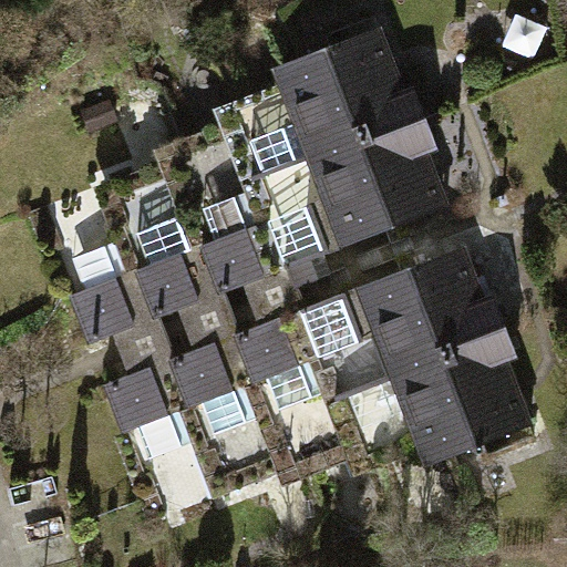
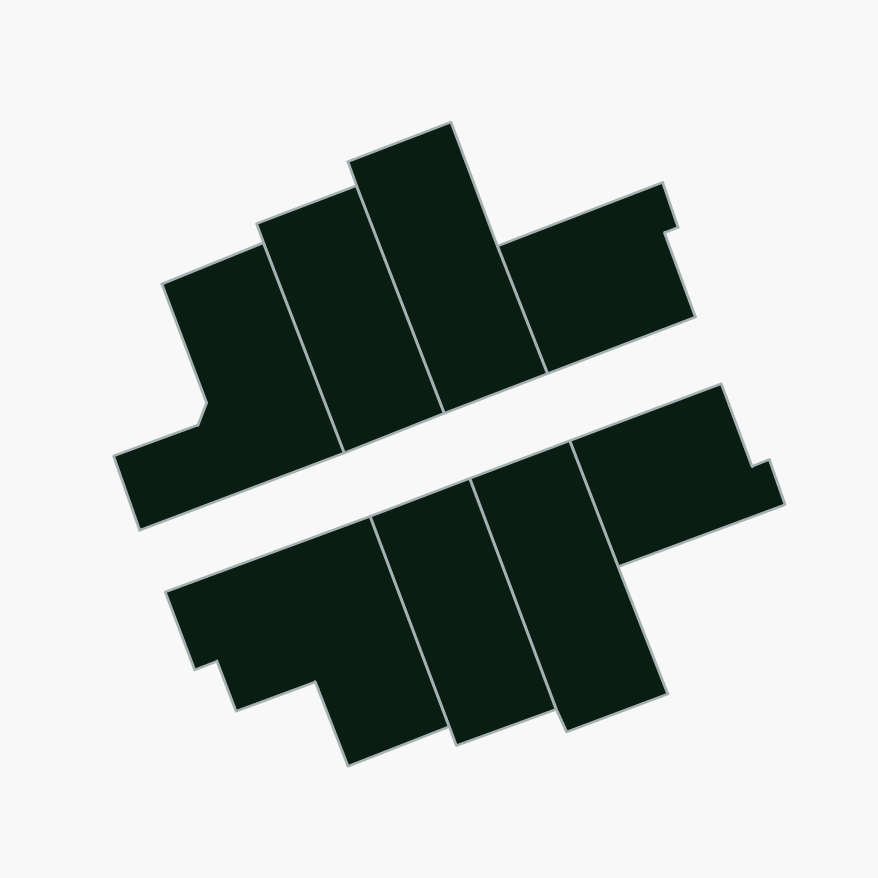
building: [285,27,427,158] -> none
building: [399,324,533,461] -> none

